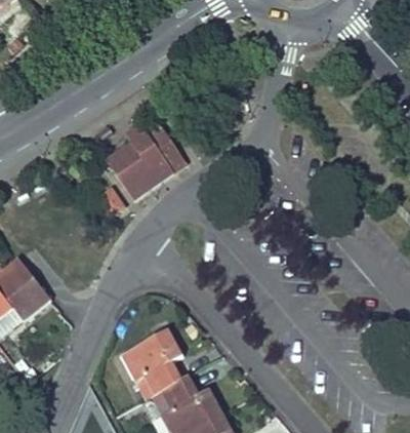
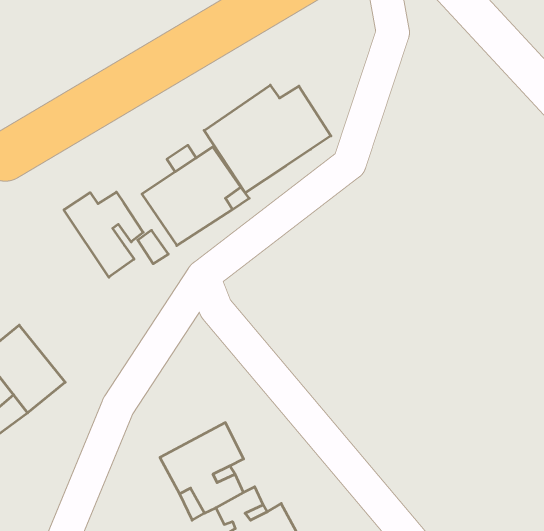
building: none -> [204,85,331,193]
building: none -> [64,192,143,277]

